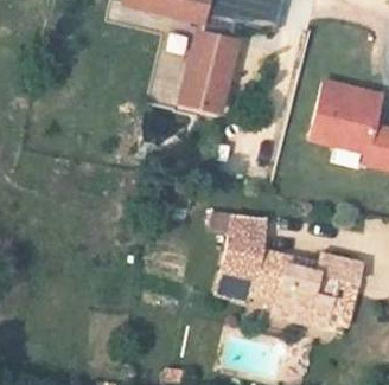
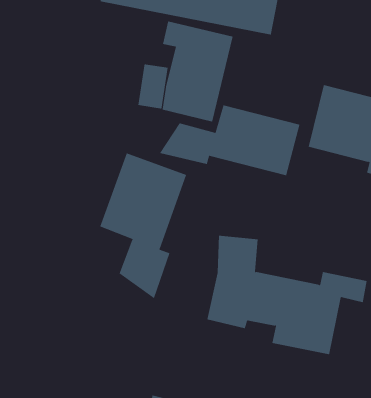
building: none -> [159,105,300,176]
building: none -> [100,152,187,299]

